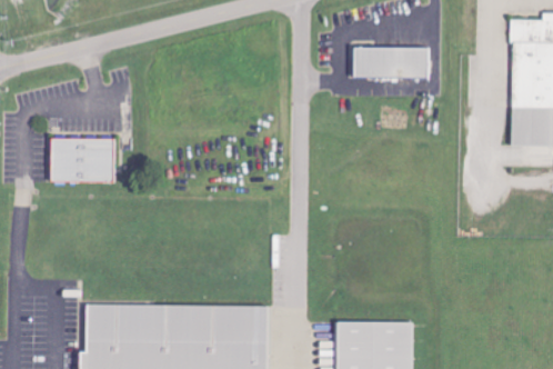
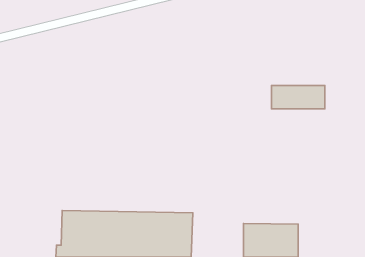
building: [354,47,428,79] -> [271,85,325,109]
building: [51,138,113,182] -> none

